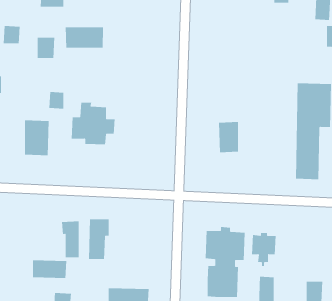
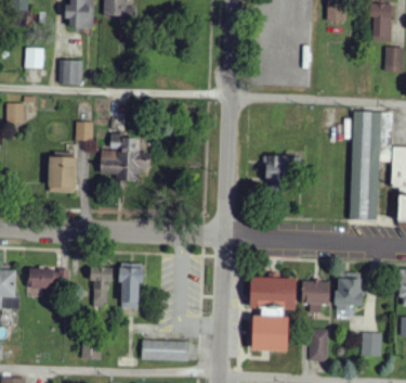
building: [65,26,104,49] -> none
building: none -> [335,272,363,320]
building: [32,260,67,278] -> [30,268,69,289]

